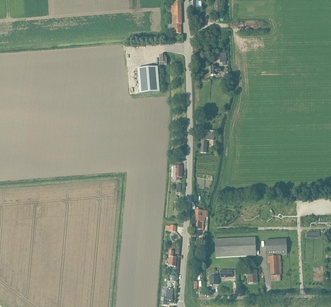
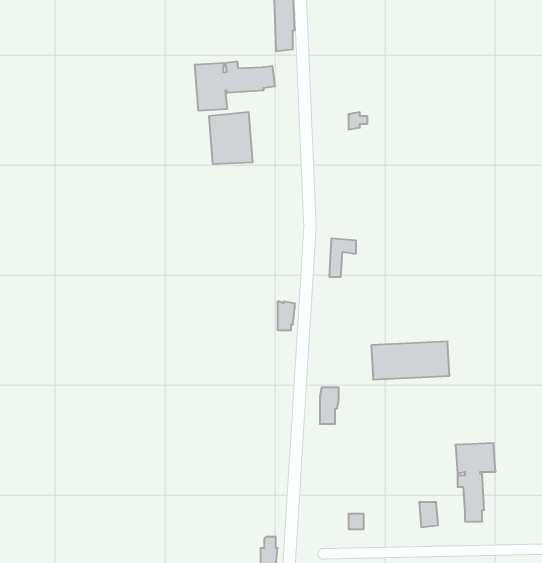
building: none -> [195,61,275,111]
building: [215,236,256,256] -> [371,341,450,380]

